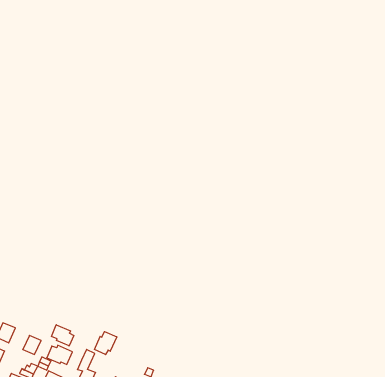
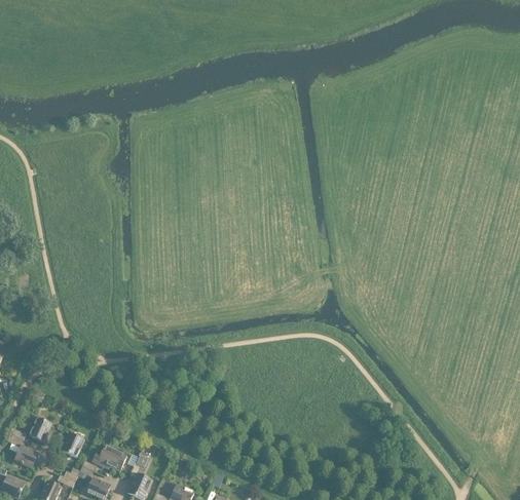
building: [52,325,74,346] -> none
building: [94,332,117,355] -> none

